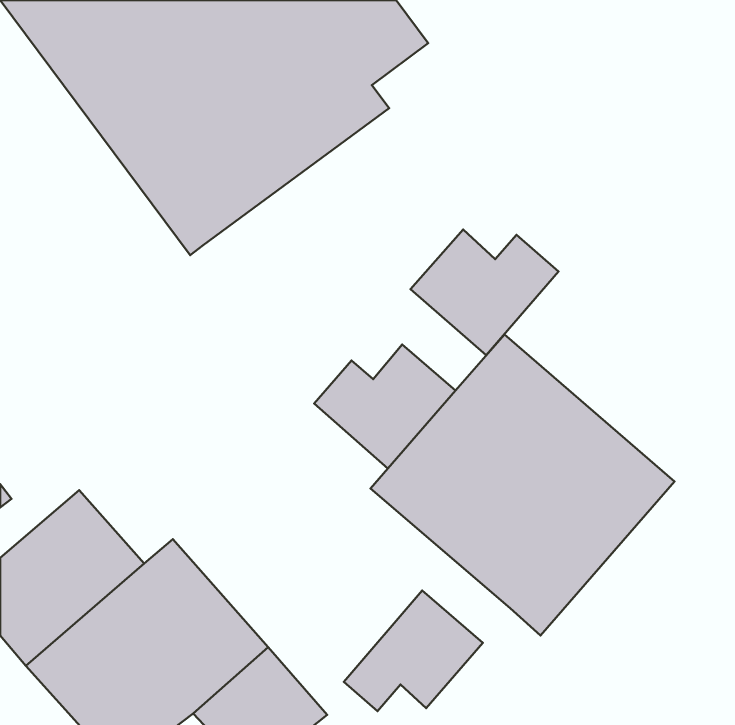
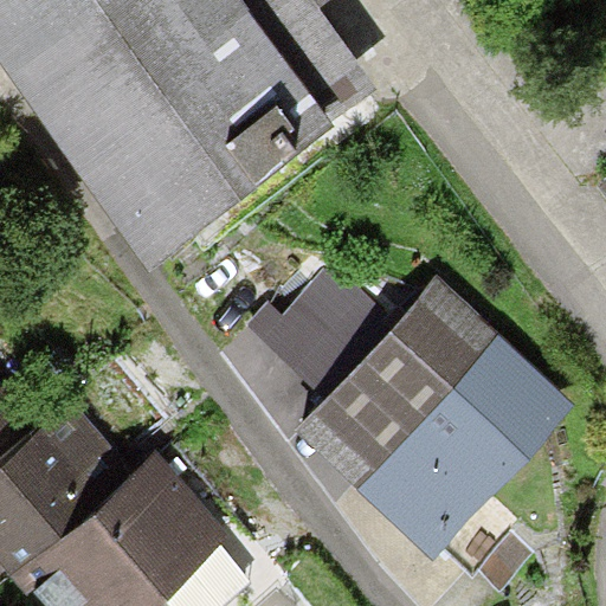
building: [411,229,558,355] -> none
building: [344,590,483,711] -> none

